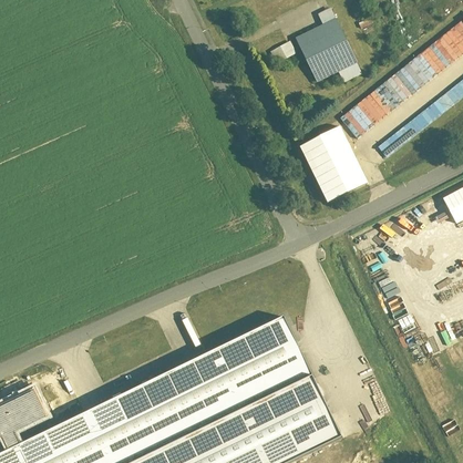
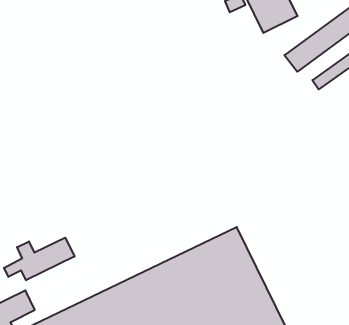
building: [297,125,368,199] -> none
building: none -> [4,238,75,280]

